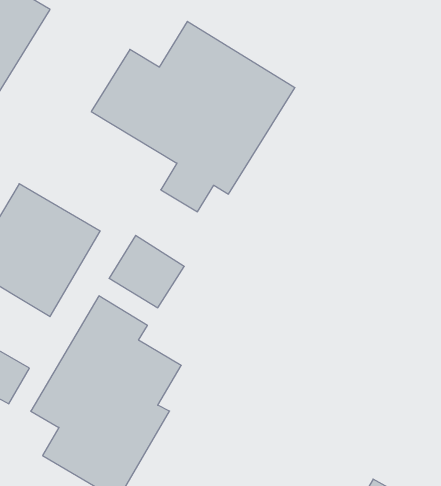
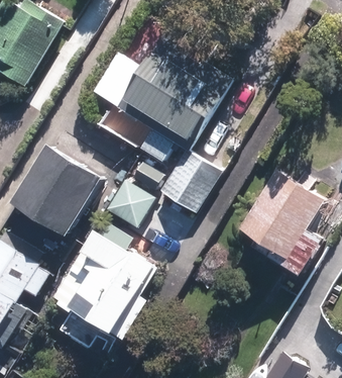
building: none -> [161,151,224,215]
building: none -> [238,173,325,273]

